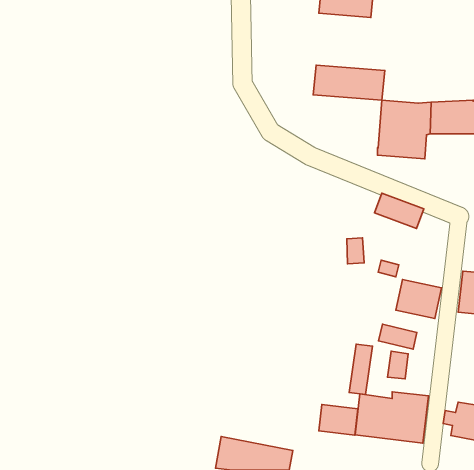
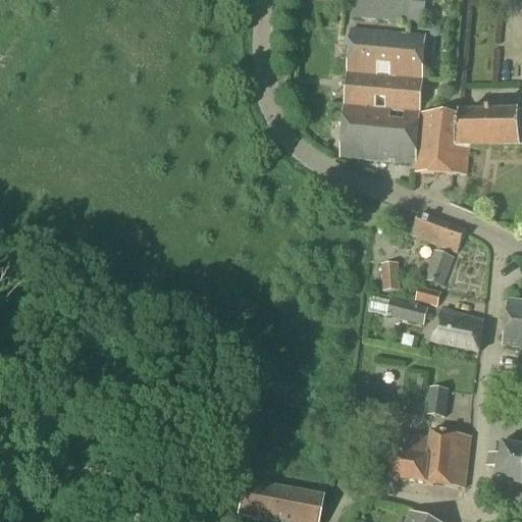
building: none -> [348,27,426,77]
building: none -> [341,104,420,162]
building: none -> [423,249,454,285]
building: [379,324,417,349] -> [386,296,428,323]
building: [349,344,372,395] -> none
building: [319,404,358,435] -> none

